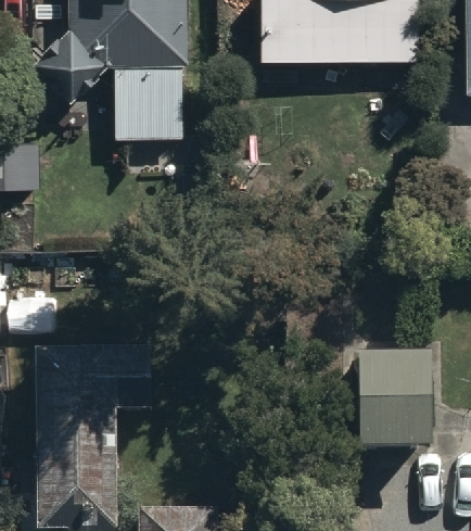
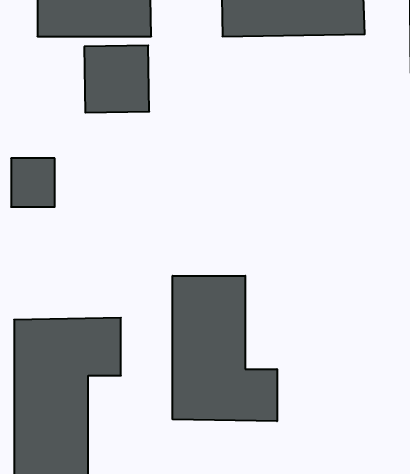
building: none -> [173,276,277,421]
building: [357,359,431,452] -> none

